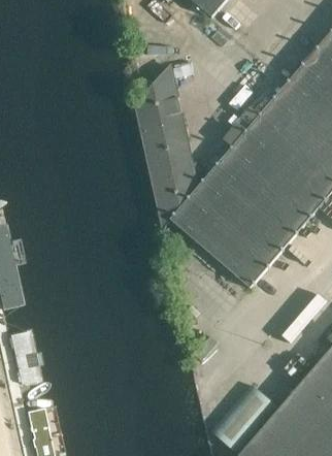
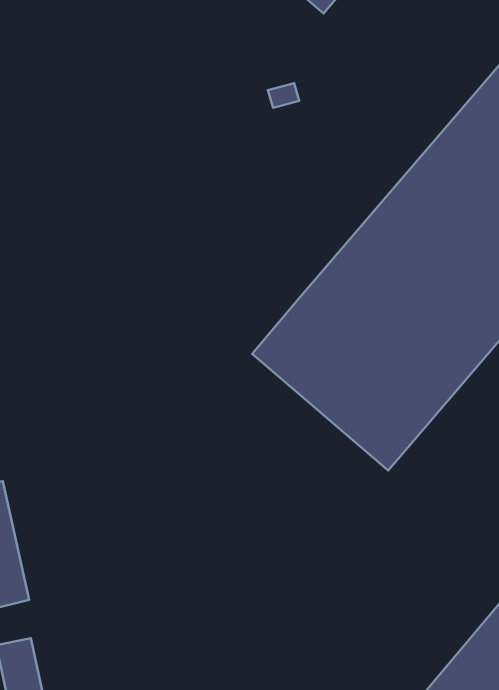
building: [136,65,199,225] -> none

